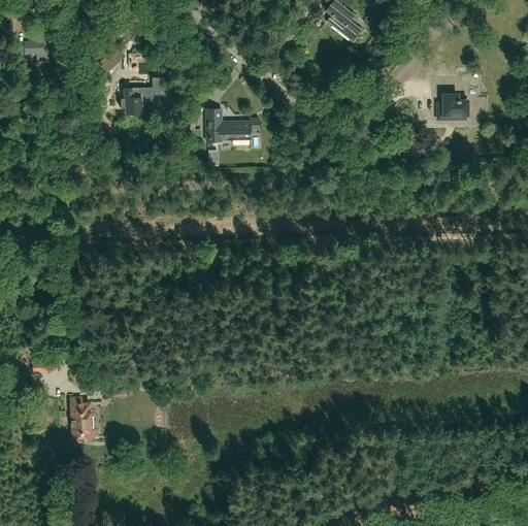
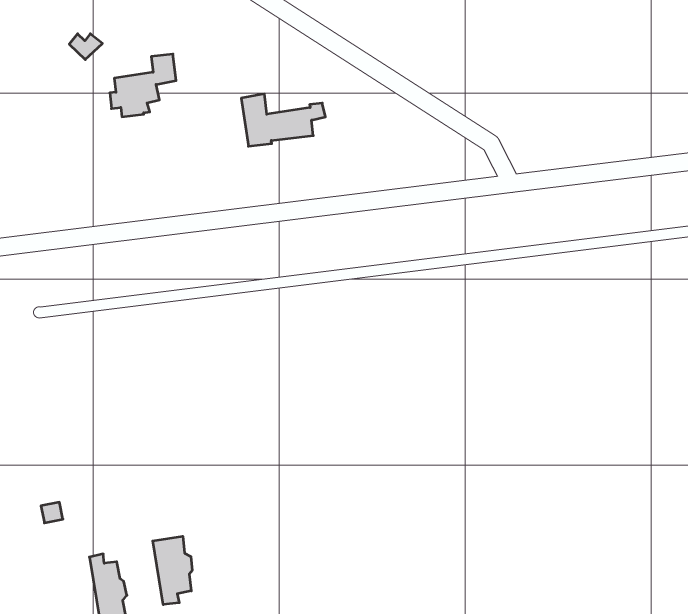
building: [444,98,473,122] -> none
building: none -> [153,536,192,605]

